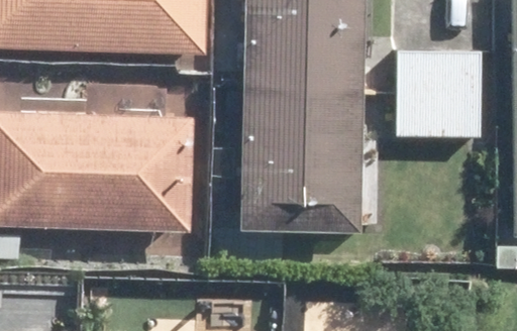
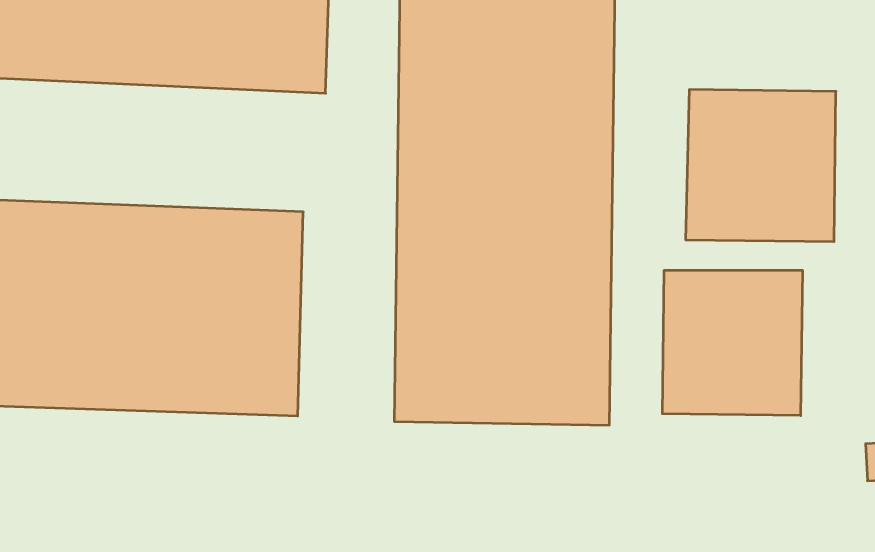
building: none -> [662,270,802,416]

